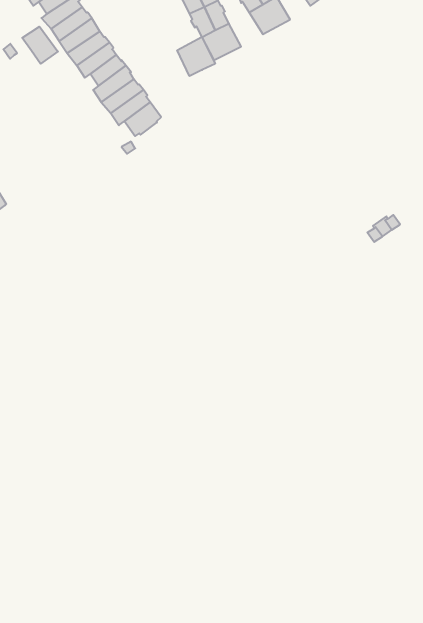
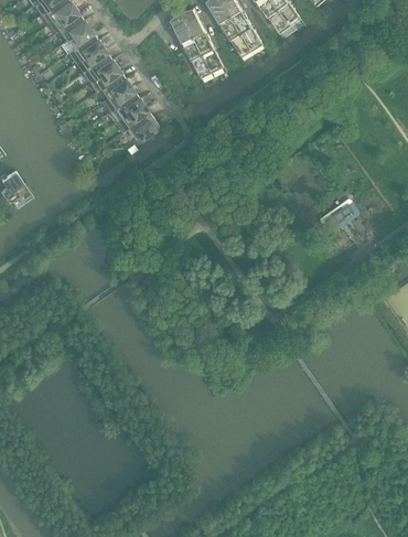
building: [22,27,58,64] -> none
building: [177,37,215,76] -> none

